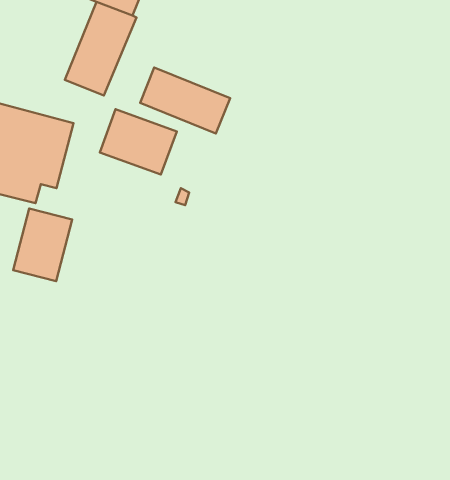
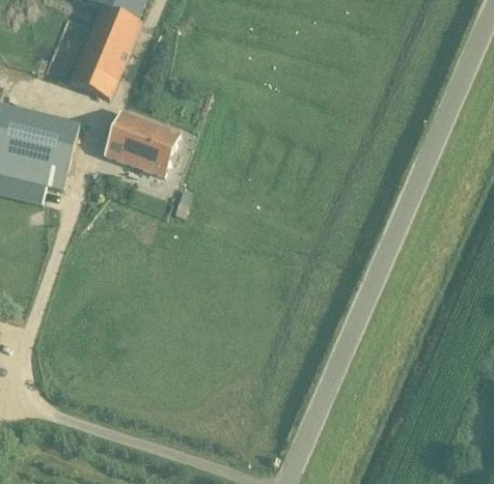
building: [140,67,230,134] -> none
building: [13,209,72,281] -> none

